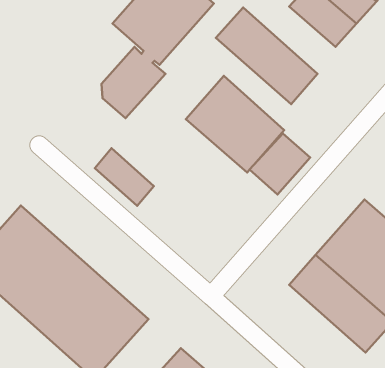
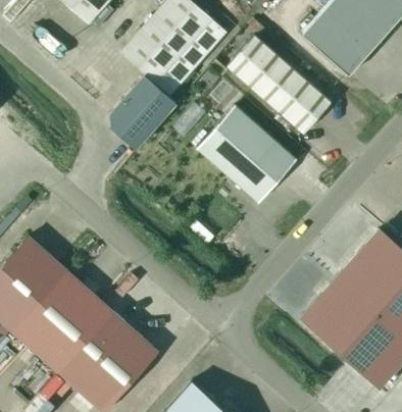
building: [250,133,310,194] -> none
building: [95,148,154,206] -> none

